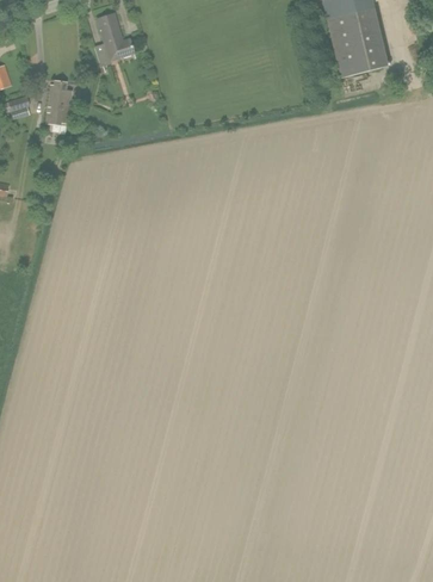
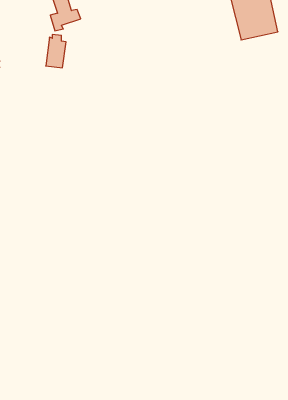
building: [45,79,72,122] -> [46,35,66,68]

